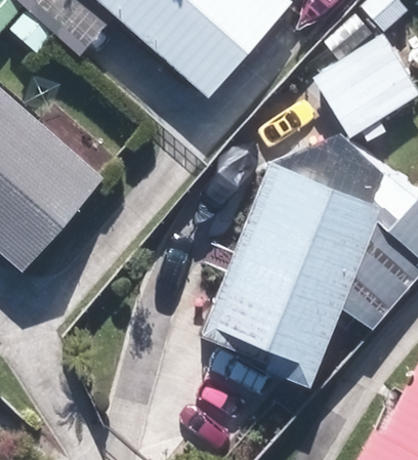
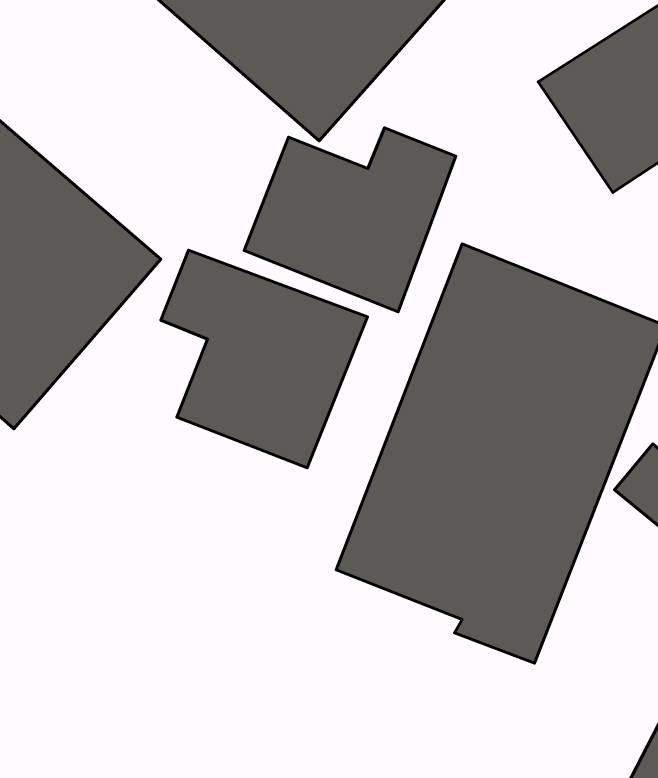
building: none -> [244,128,456,312]
building: none -> [161,250,367,468]

